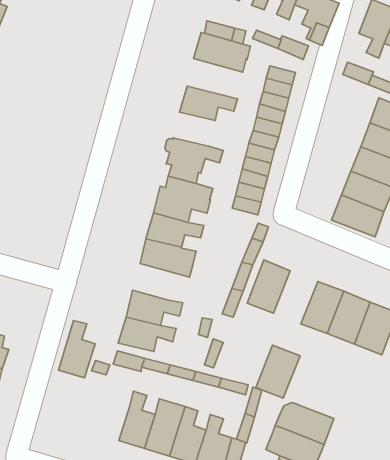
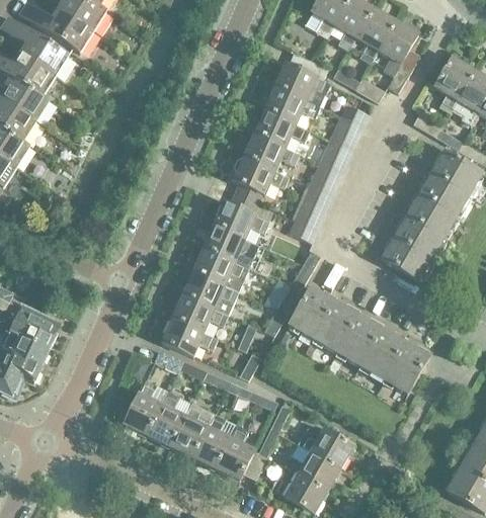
building: none -> [264,86,320,124]
building: none -> [243,135,300,171]
building: none -> [182,271,238,315]
building: [59,321,95,378] -> [124,379,162,435]
building: [256,345,300,398] -> [312,300,358,352]

